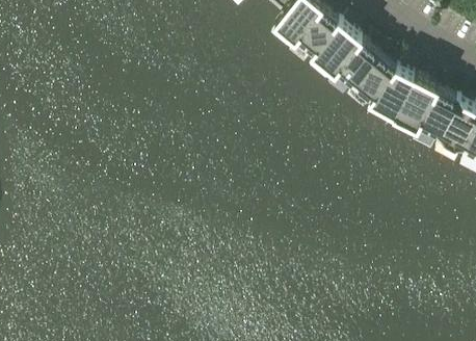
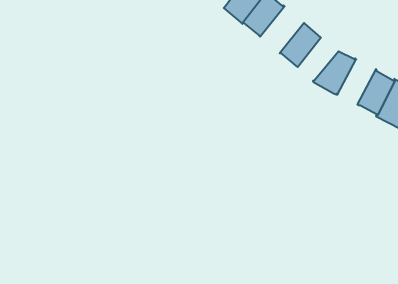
building: [309,26,358,77] -> none
building: [350,59,394,105] -> none
building: [391,82,433,132] -> none

